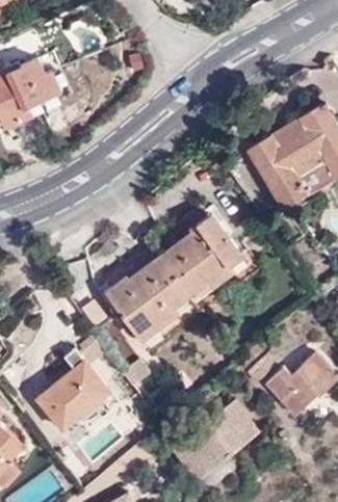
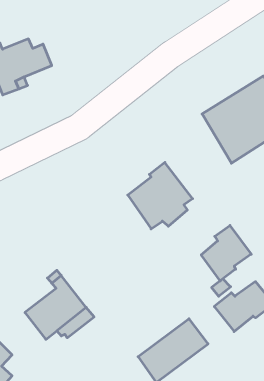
building: [103,250,188,337] -> none
building: none -> [201,225,251,281]

